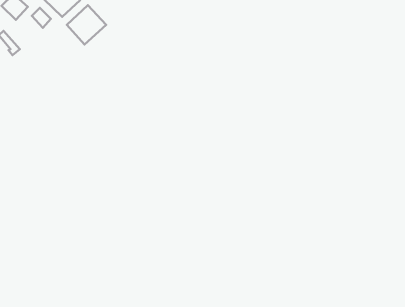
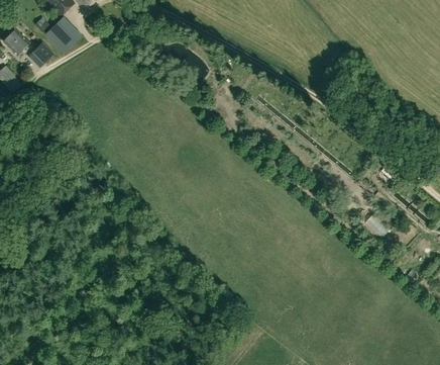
building: [67,5,106,45] -> none

